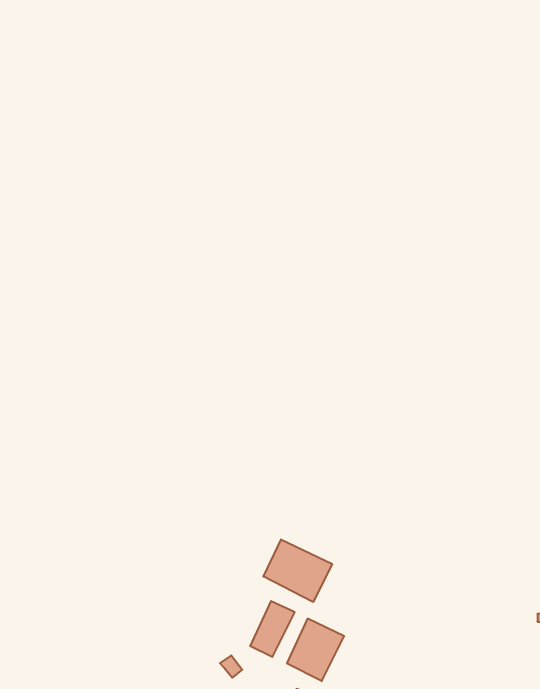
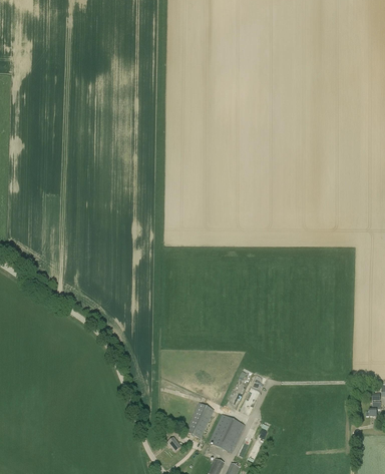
building: [263,539,332,602] -> none

